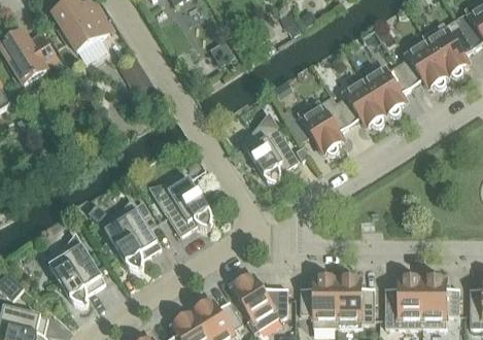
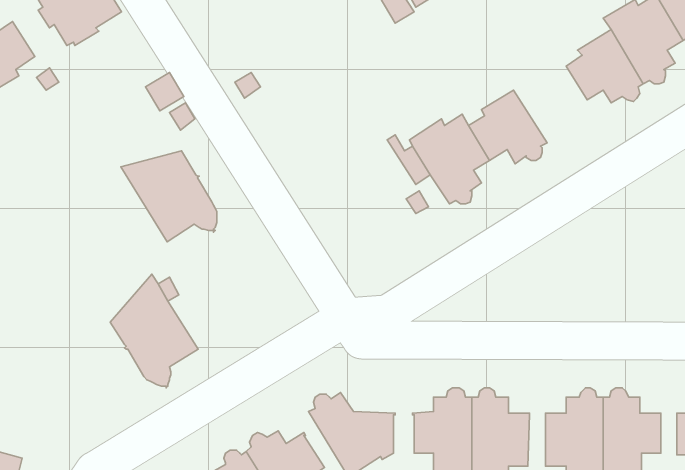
building: [364,64,411,114] -> none
building: [242,112,298,184] -> none
building: [149,176,211,235] -> [121,151,217,242]
building: [48,234,105,306] -> none

